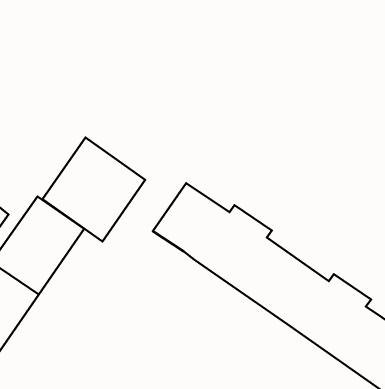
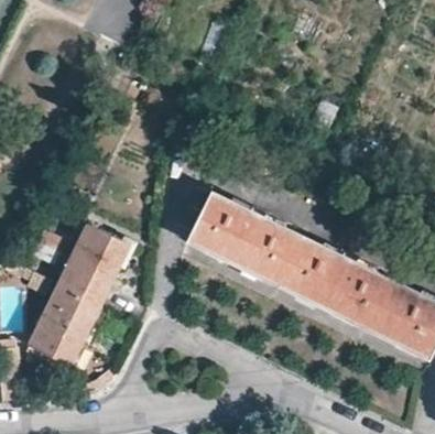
building: [43,138,145,241] -> none

